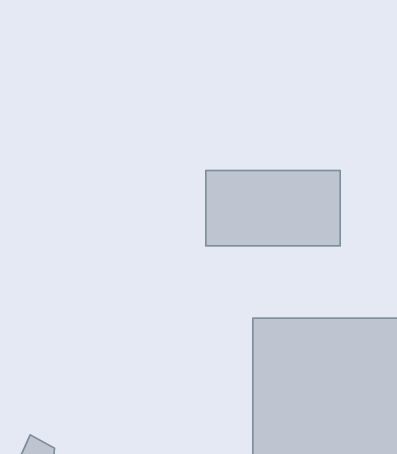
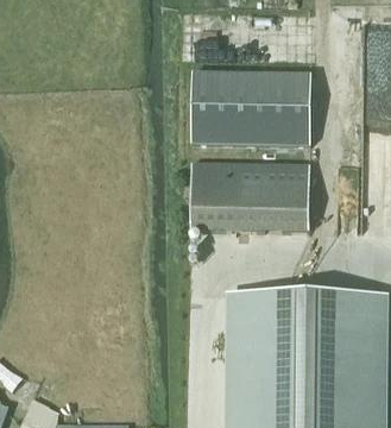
building: none -> [190,71,309,144]

